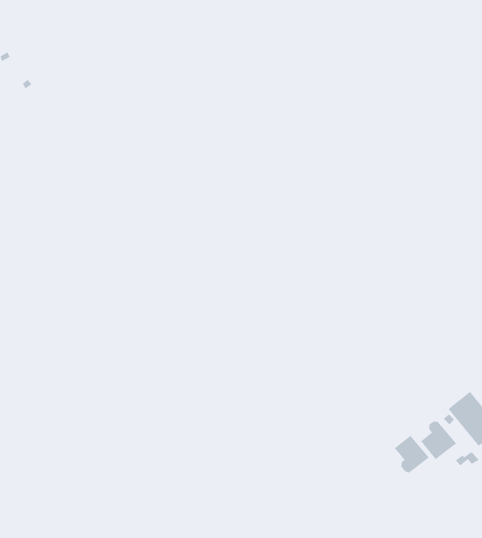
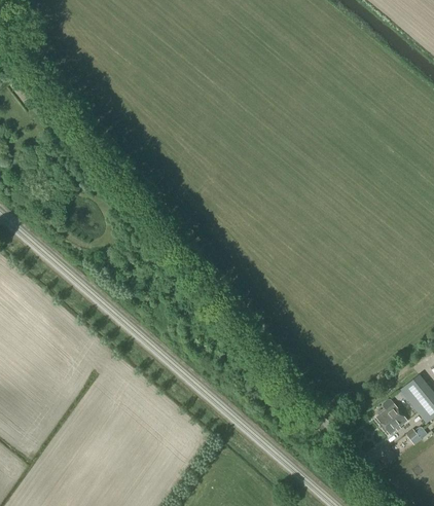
building: [394,435,430,473] -> none

